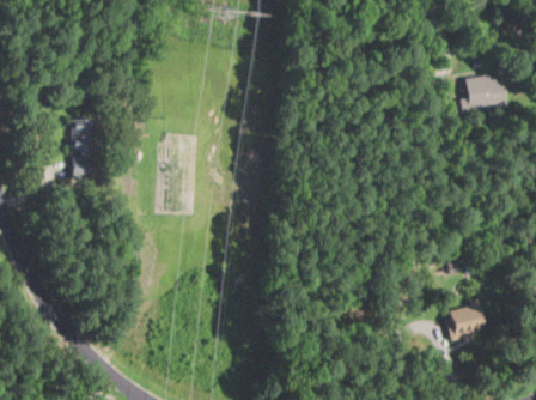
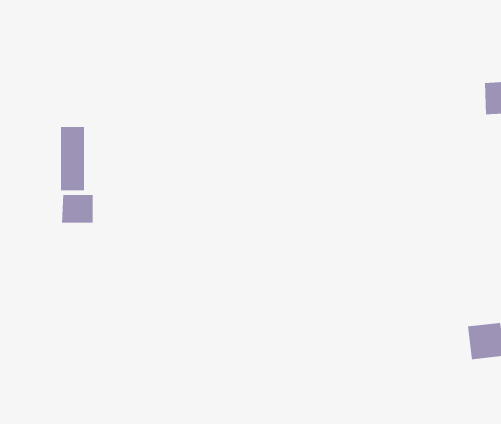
building: none -> [62,194,93,224]

